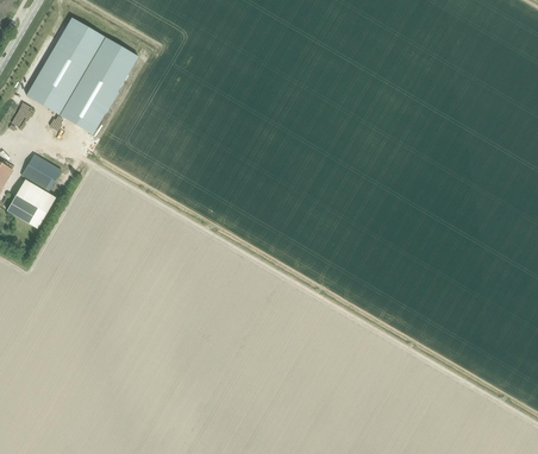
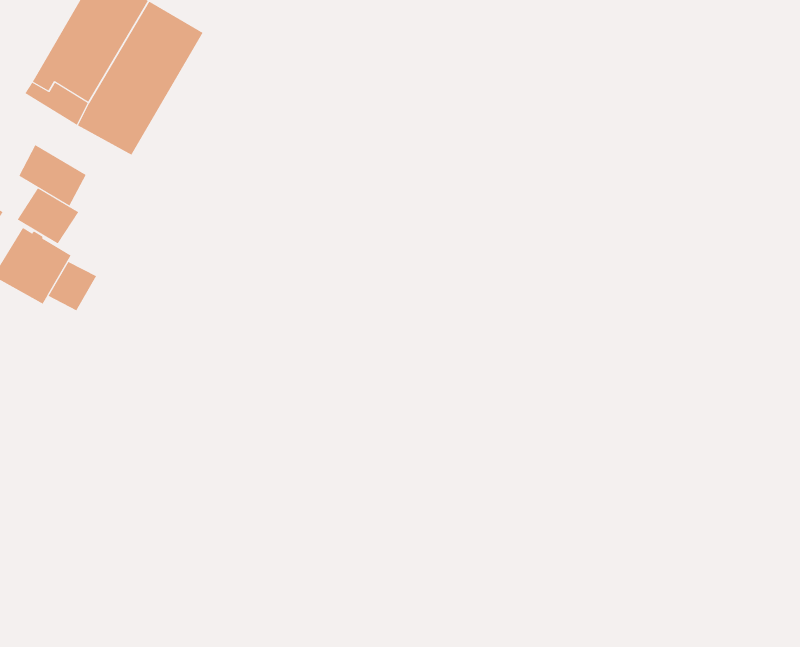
building: none -> [18,144,86,207]
building: none -> [48,261,97,311]

